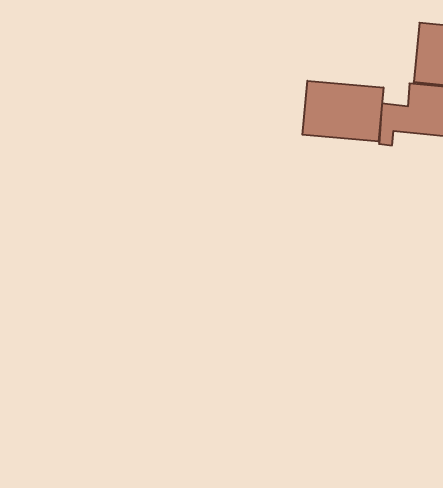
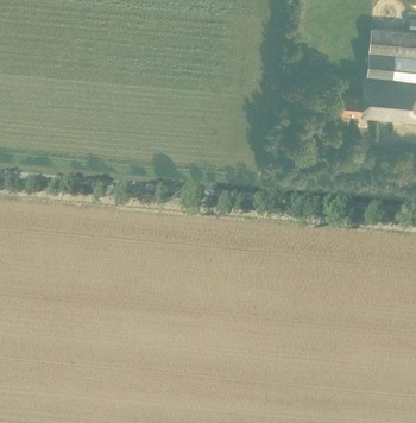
building: [302,81,383,142] -> none

